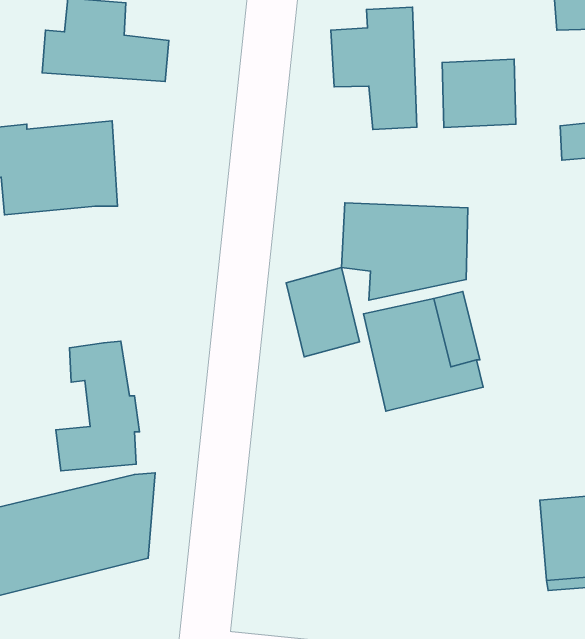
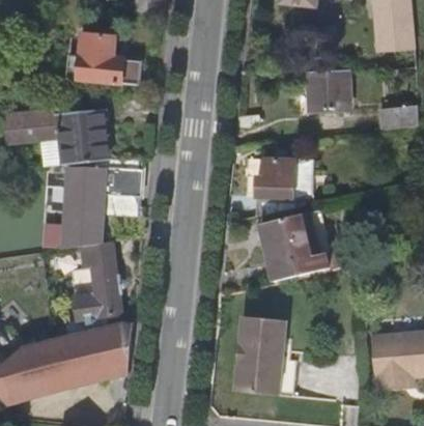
building: [331,7,417,130] -> none
building: none -> [62,154,143,248]
building: [286,268,360,357] -> none
building: none -> [245,317,301,397]

